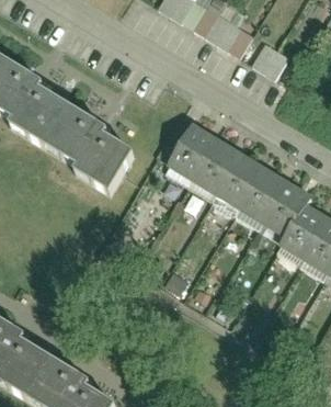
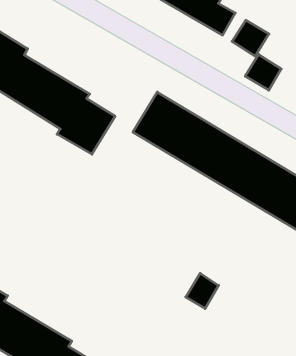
building: none -> [245,54,281,90]
building: none -> [186,273,219,309]

